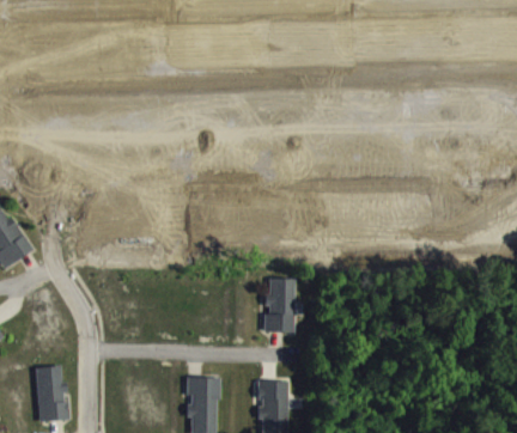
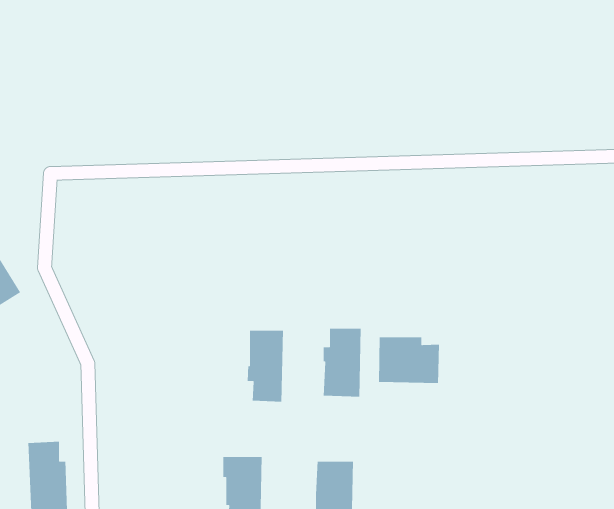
building: none -> [247,330,284,403]
building: none -> [378,337,440,384]

